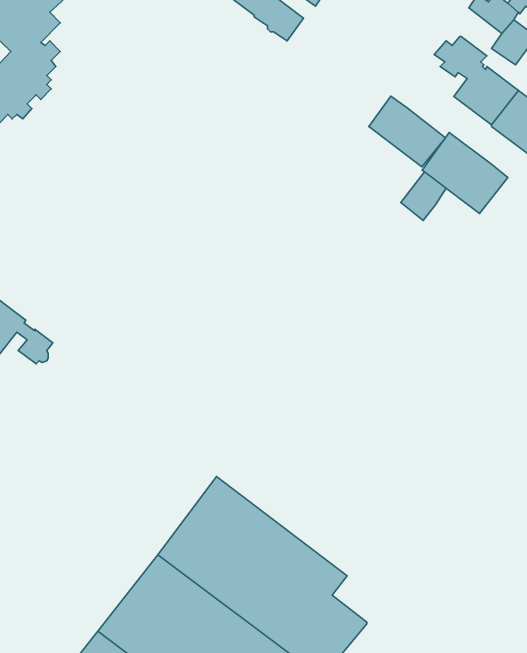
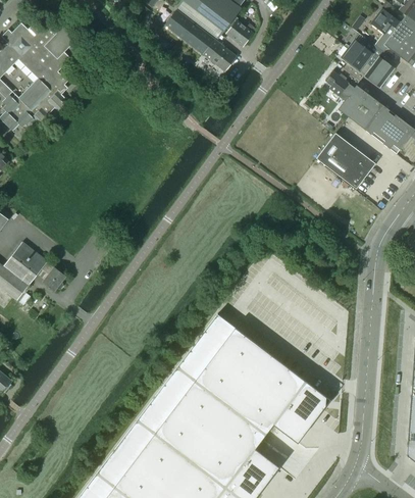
building: none -> [341,48,370,81]
building: [369,96,446,167] -> none
building: [401,172,446,221] -> none
building: none -> [176,313,325,442]

